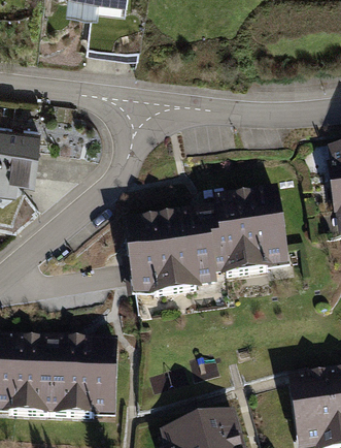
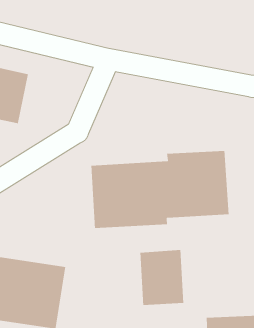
building: none -> [140,249,184,306]

